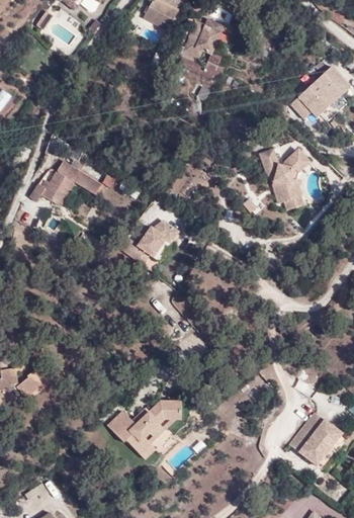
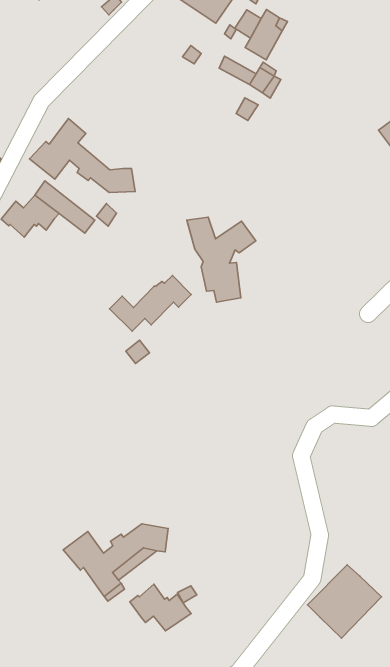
building: none -> [29,119,135,193]
building: [258,148,309,208] -> [187,217,256,302]
building: none -> [130,584,191,631]

